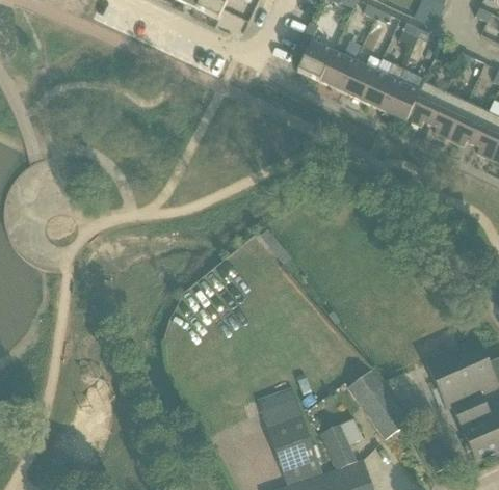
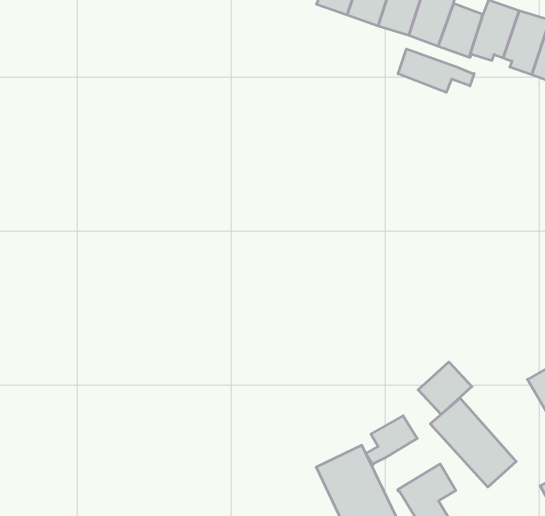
building: none -> [398,49,474,92]
building: none -> [418,362,472,414]
building: none -> [366,416,417,465]

